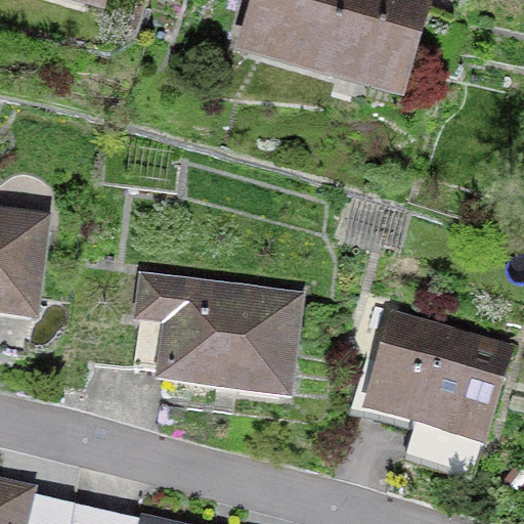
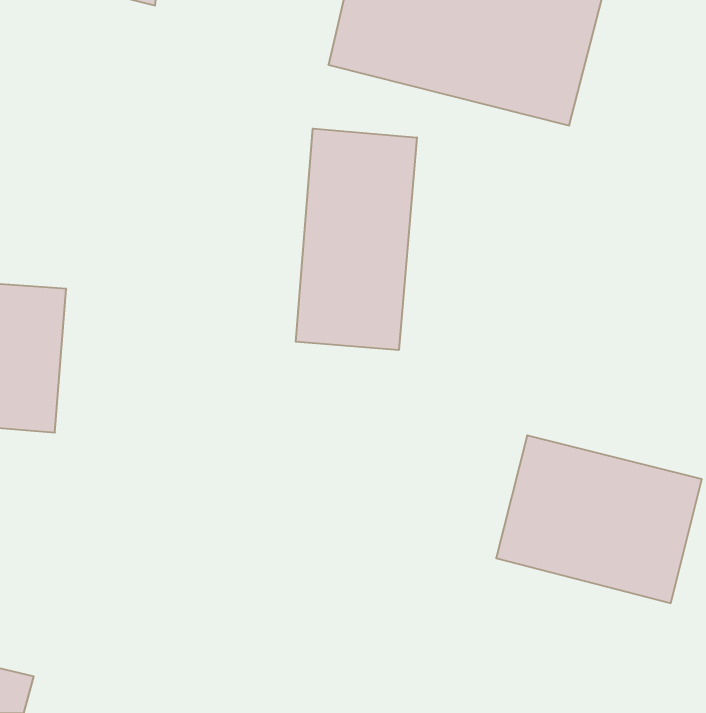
building: none -> [296,128,417,350]
building: [125,273,300,395] -> none

